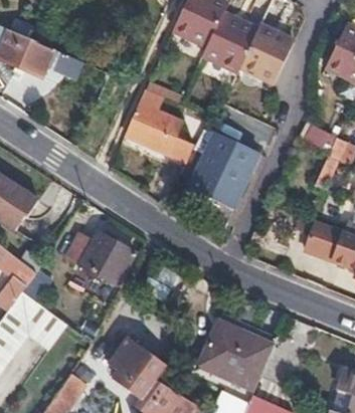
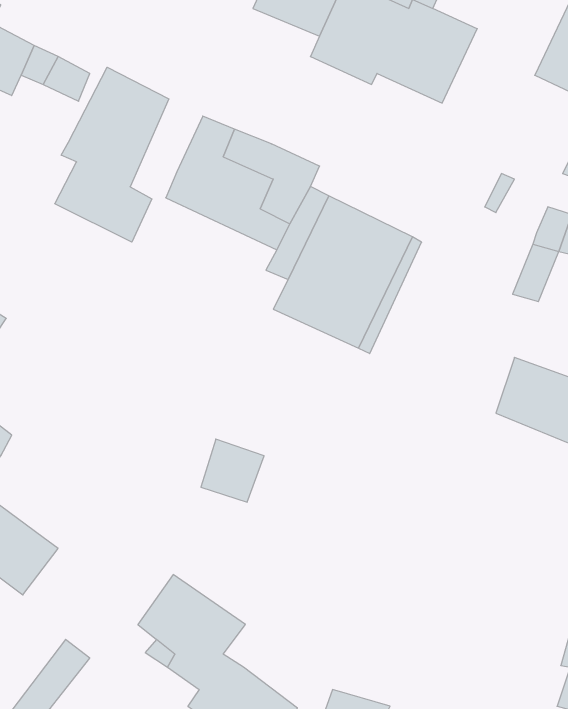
building: none -> [55,67,169,242]
building: [63,233,134,285] -> none
building: [200,322,273,391] -> none

